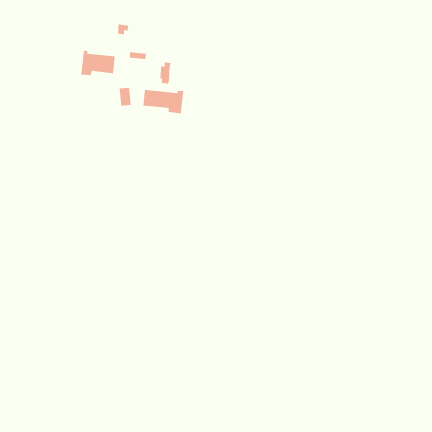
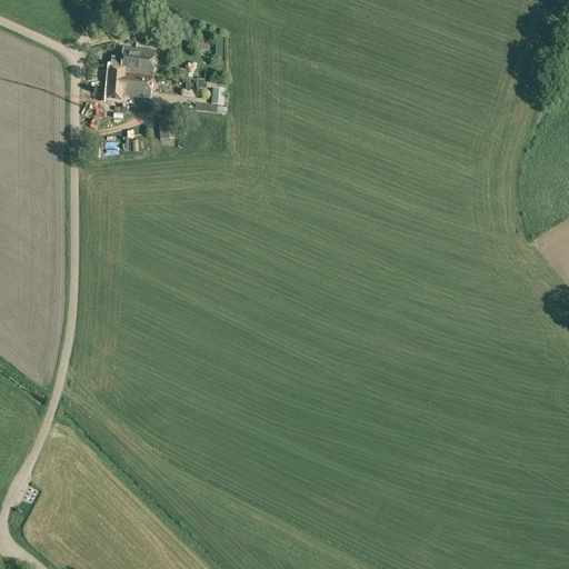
building: none -> [109,47,153,73]
building: [143,89,184,114] -> none

